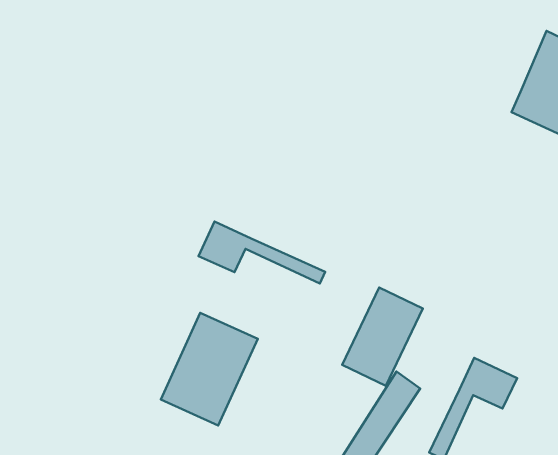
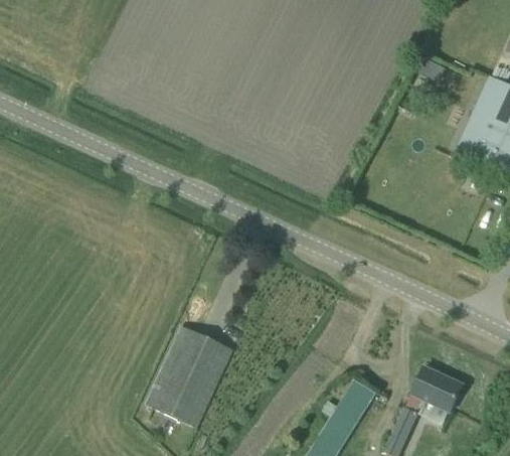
building: [199,222,325,284] -> none
building: [342,288,423,386] -> none

